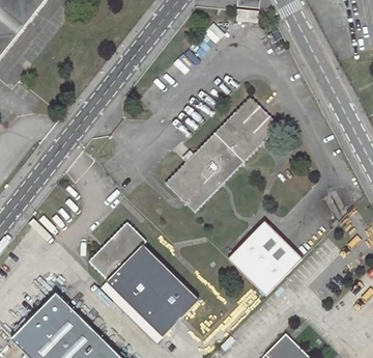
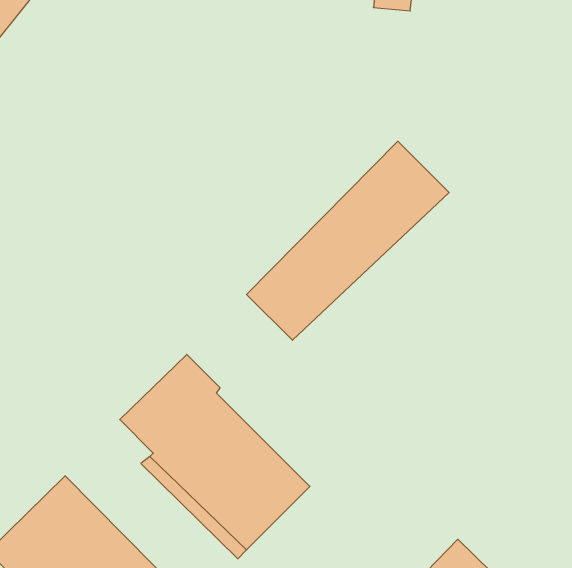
building: [229,220,303,294] -> none

